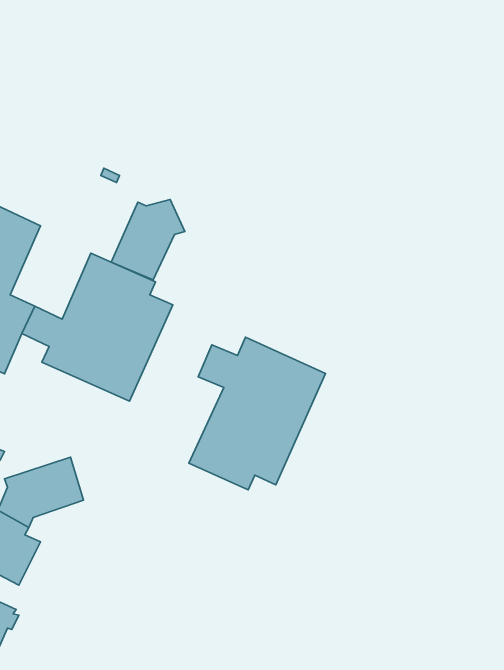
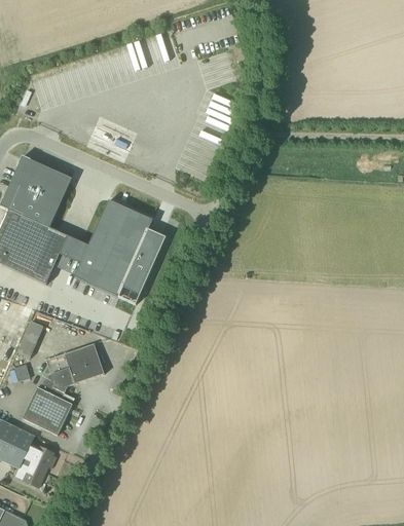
building: [111,199,185,280] -> none
building: [189,337,325,490] -> none

